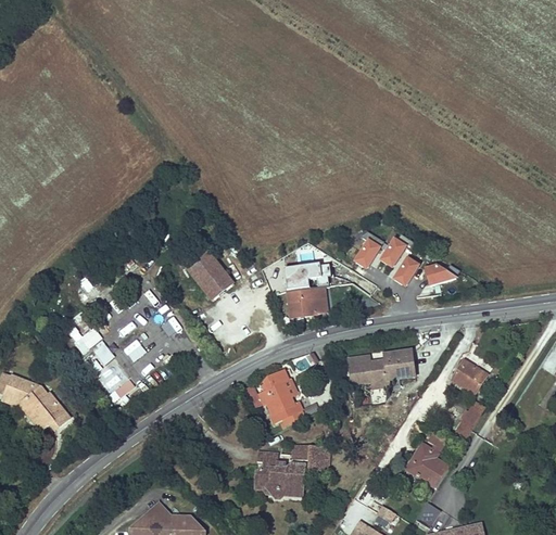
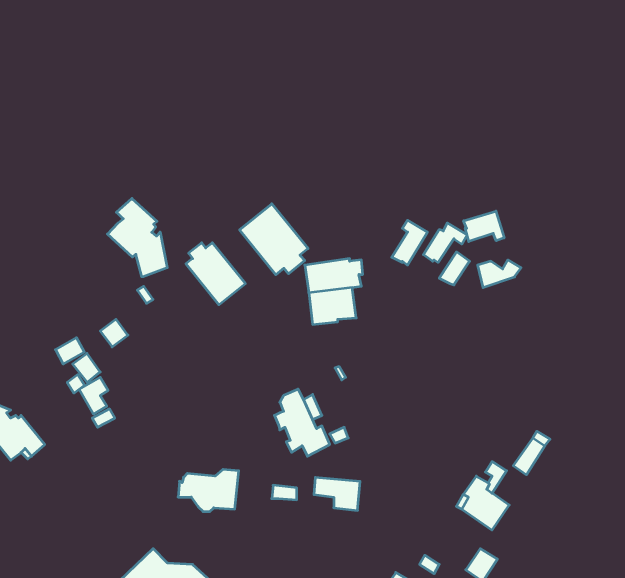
building: none -> [107,198,167,277]
building: none -> [240,204,308,275]
building: none -> [464,211,504,242]
building: [353,348,420,387] -> none
building: [452,359,485,392] -> none
building: [253,462,303,497] -> [178,469,239,512]

